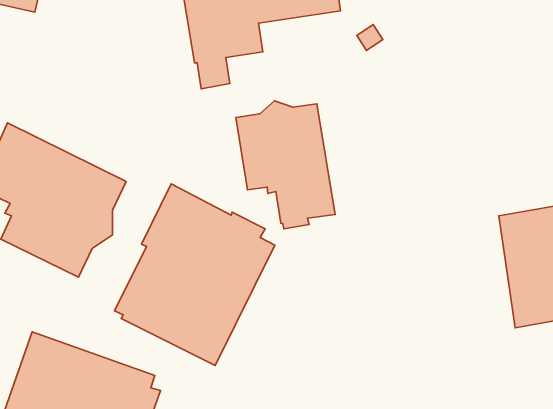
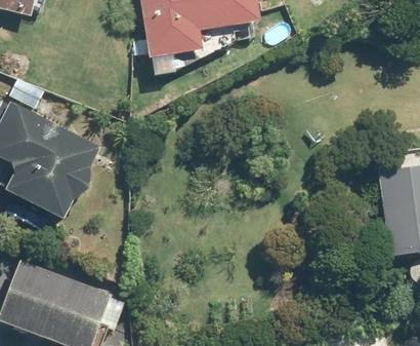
building: [236,101,335,229] -> none
building: [115,184,275,366] -> none

